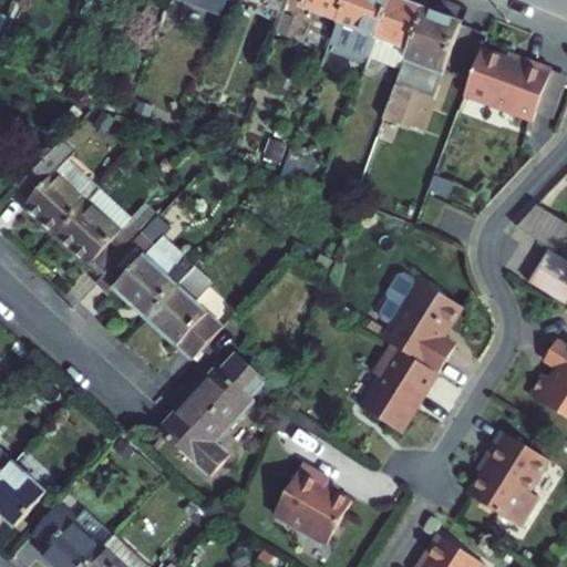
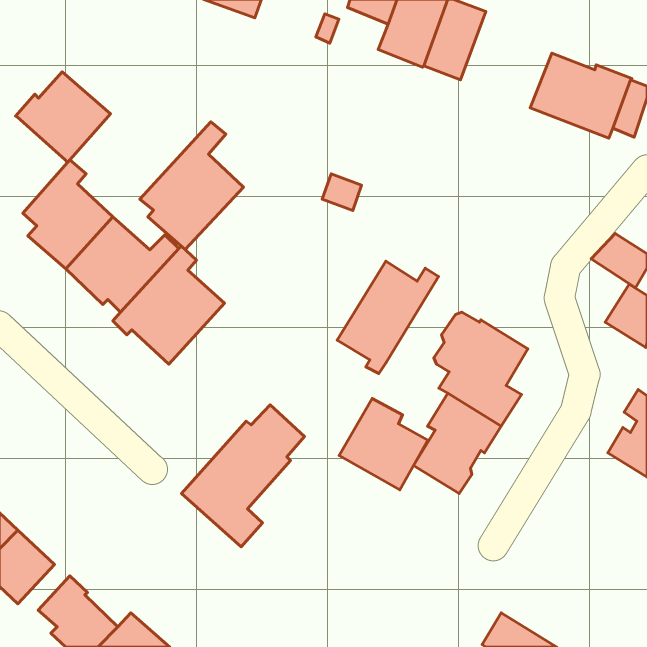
building: [383,10,462,125] -> none
building: none -> [16,72,110,162]
building: none -> [140,122,243,249]
building: none -> [337,261,439,374]
building: [147,265,223,359] -> none
building: [468,430,547,527] -> none
building: [274,464,351,544] -> [339,398,428,490]

